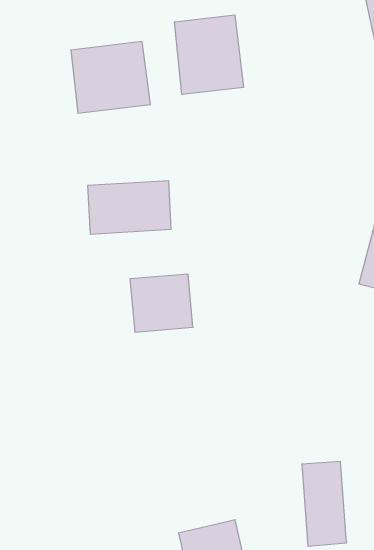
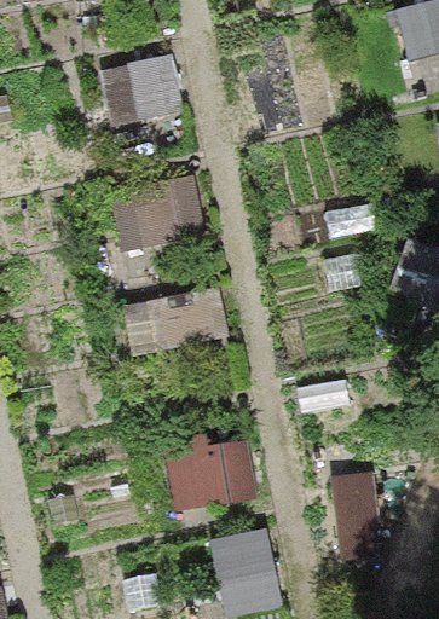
building: [174,15,244,95] -> none
building: none -> [166,439,256,511]

